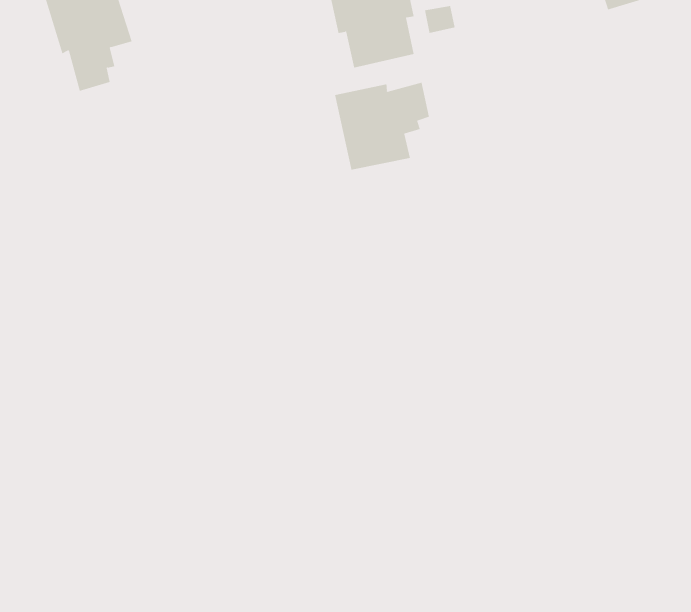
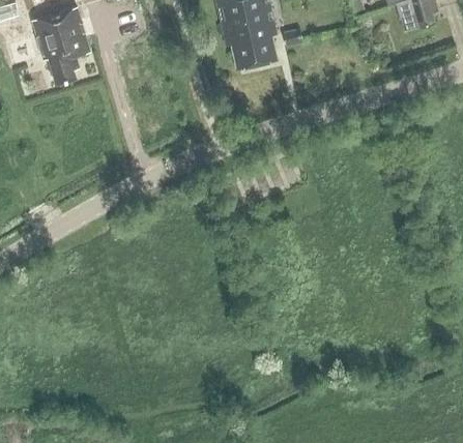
building: [334,82,429,171] -> none

